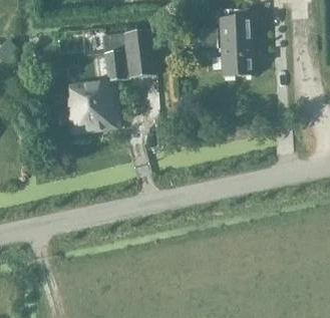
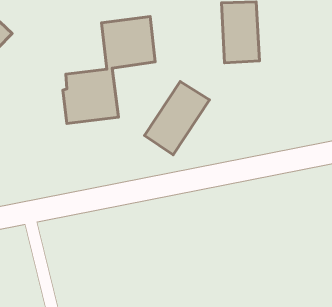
building: none -> [144,82,210,155]

